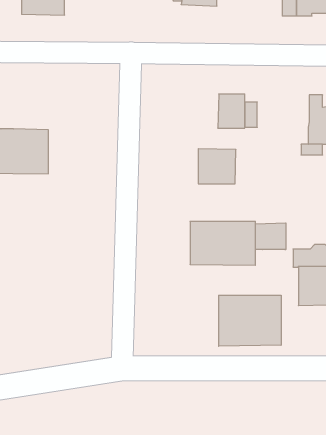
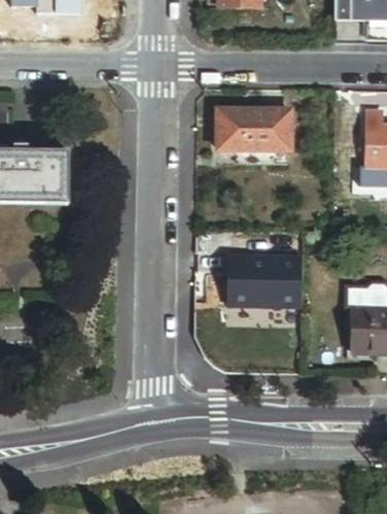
building: [198,149,236,184] -> [217,108,260,148]
building: [255,223,286,250] -> none
building: [219,295,281,346] -> none

